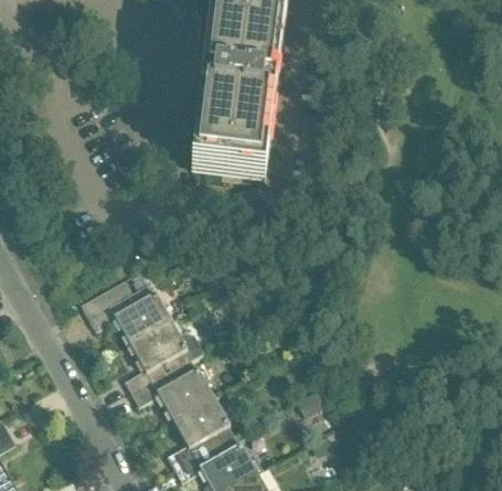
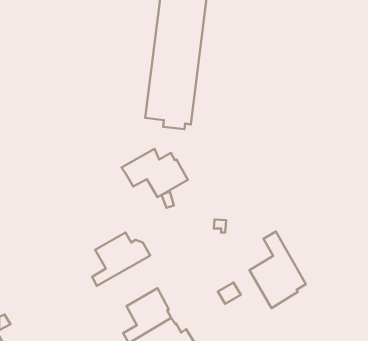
building: [81,278,170,343] -> [122,149,188,197]
building: none -> [249,231,306,308]
building: [131,352,213,419] -> none

